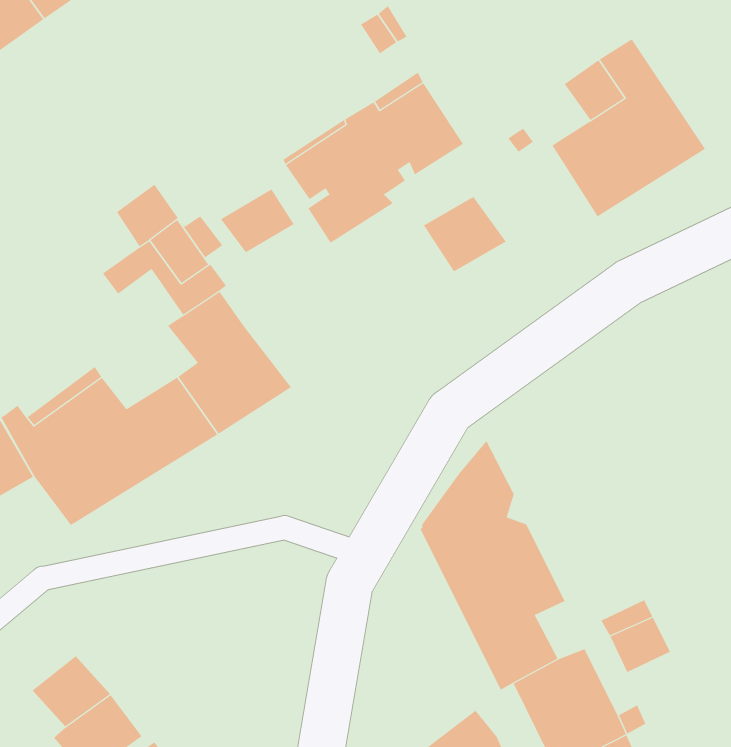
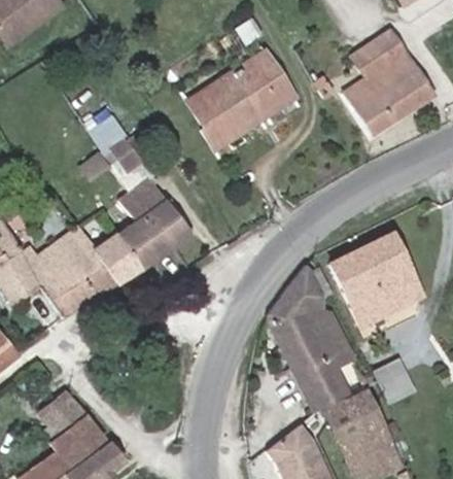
building: [220,189,295,253] -> none
building: [423,196,507,272] -> none
building: none -> [329,232,424,328]

